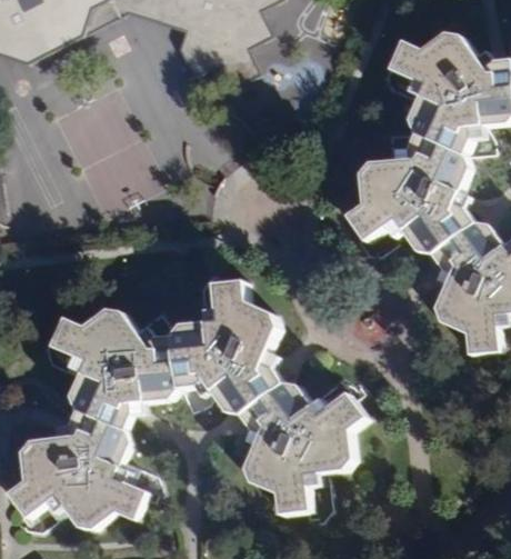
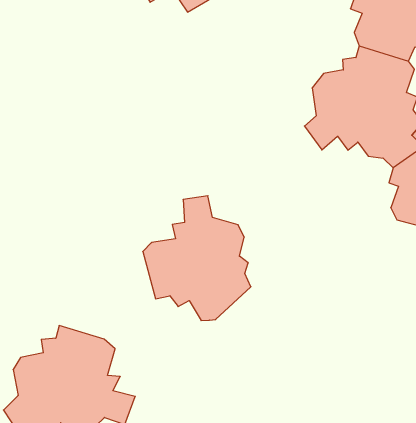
building: [49,308,177,425] -> none
building: [239,380,362,515] -> none

